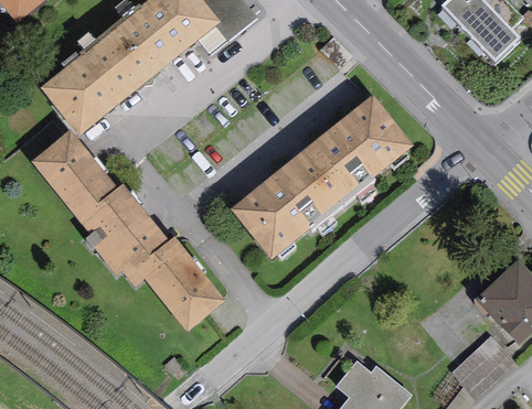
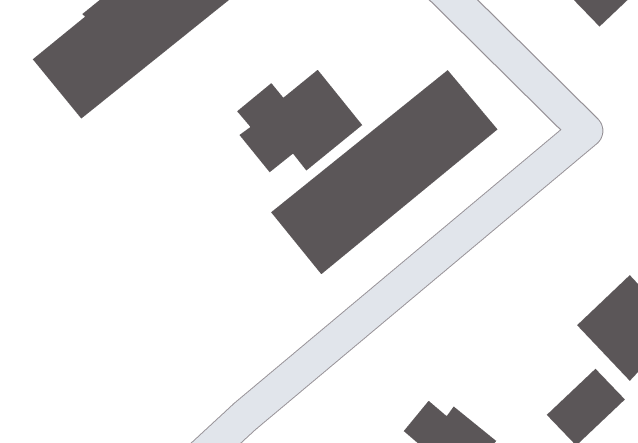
building: none -> [236,69,364,173]
building: [31,130,225,331] -> none

